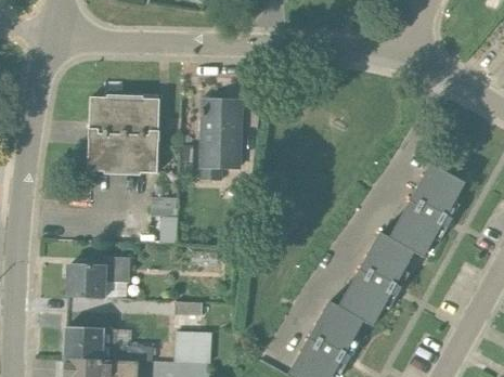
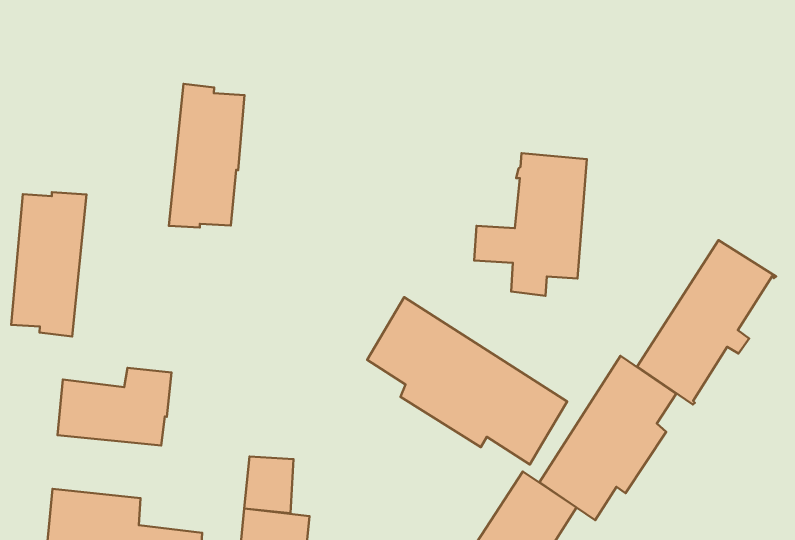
building: [88,94,126,174] -> [11,192,87,336]
building: [180,101,240,180] -> [474,153,587,296]
building: [150,196,178,229] -> none
building: none -> [367,297,567,464]

